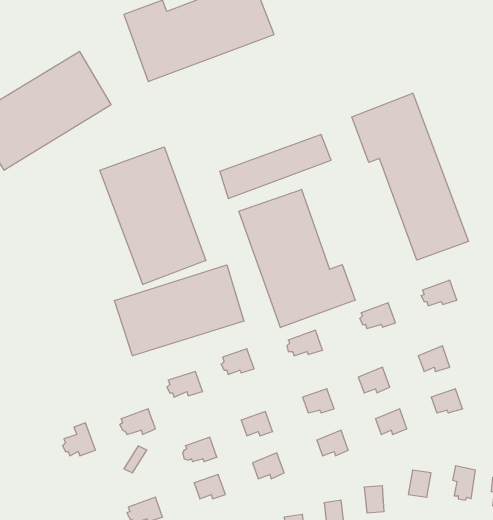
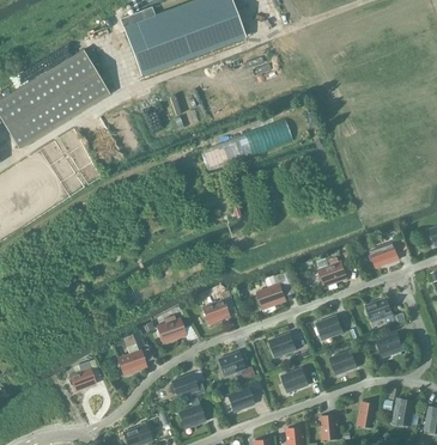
building: [352,93,468,260] -> none
building: [100,147,206,285] -> none
building: [239,189,355,328] -> none
building: [114,265,244,356] -> none

